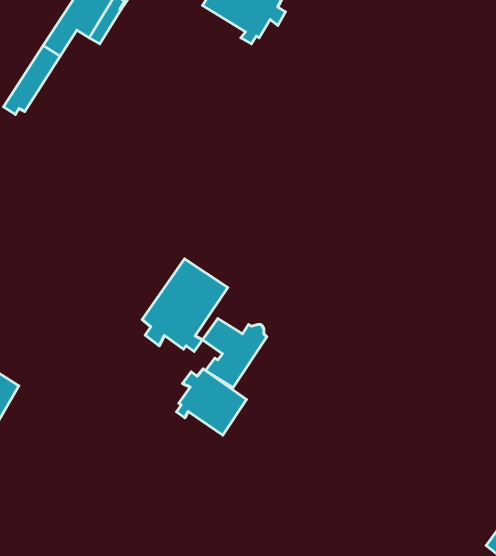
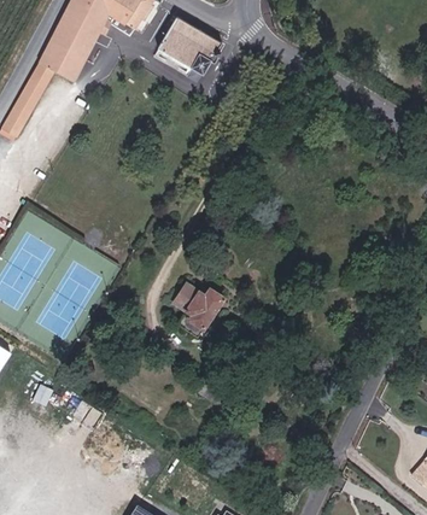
building: [142,259,228,352] -> none
building: [176,369,247,435] -> none

